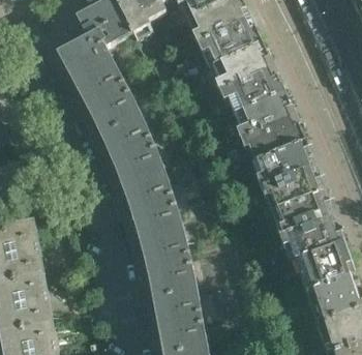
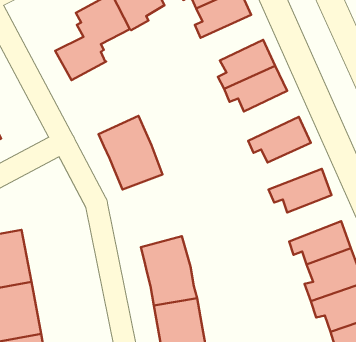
building: [197,16,257,59] -> none
building: [73,58,138,129] -> none
building: [236,88,291,136] -> none
building: [258,138,312,182] -> none
building: [122,168,179,237] -> none
building: [276,187,331,232] -> none

